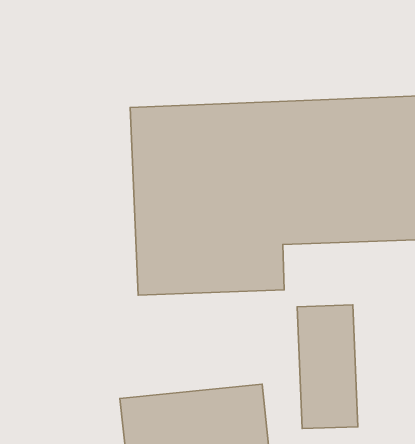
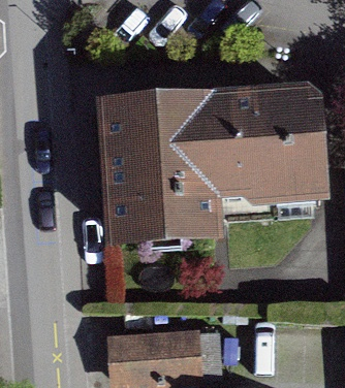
building: [297,305,358,429] -> none

